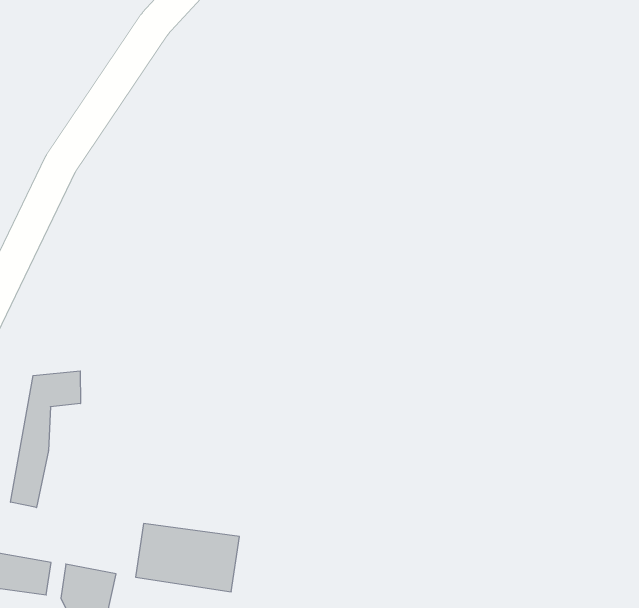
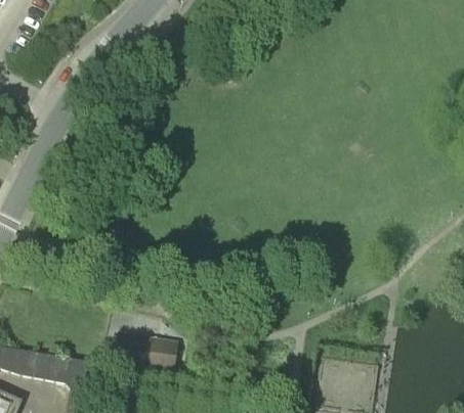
building: [11,371,80,508] -> none

